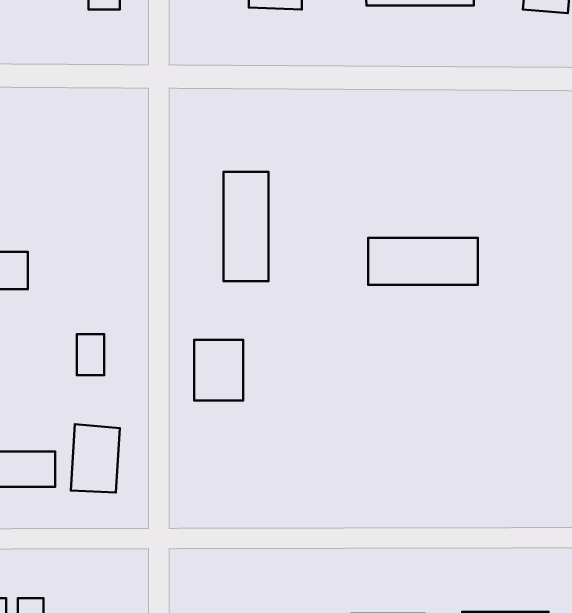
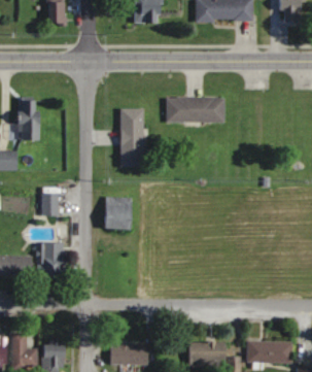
building: none -> [19,100,40,139]
building: [368,238,478,285] -> [167,97,224,122]

